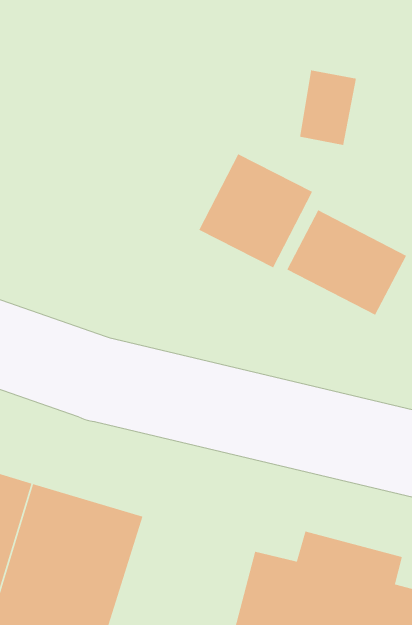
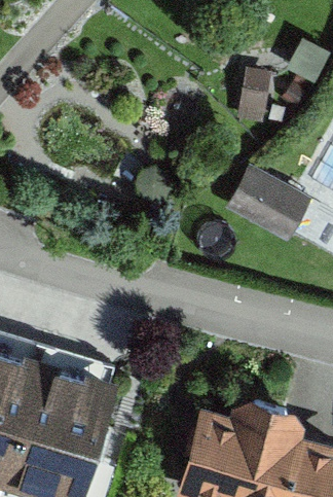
building: [198,153,313,269] -> none

